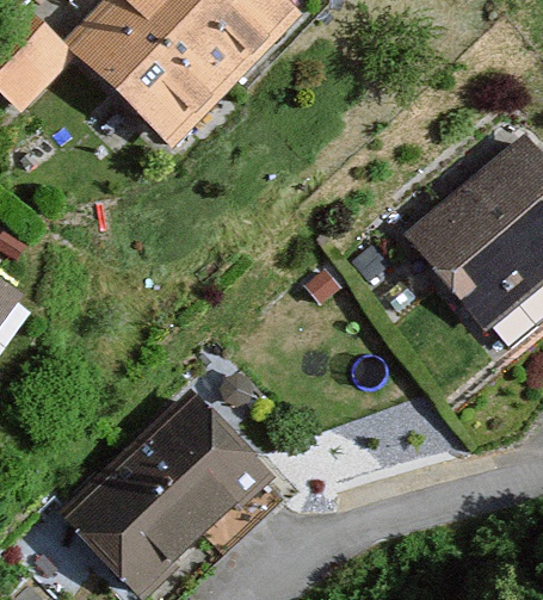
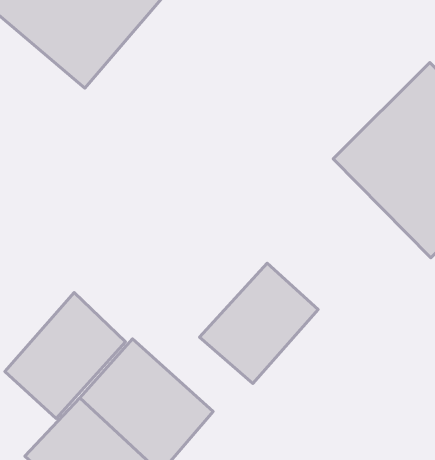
building: none -> [200,263,318,384]
building: none -> [5,293,125,419]

